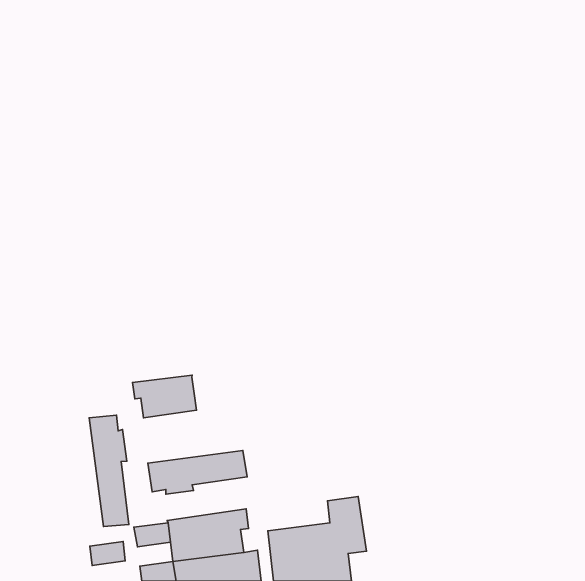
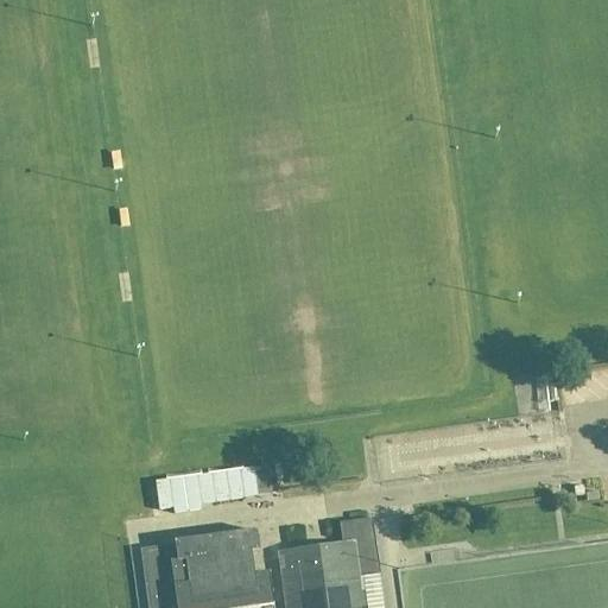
building: [132,375,197,418] -> none
building: [89,415,129,527] -> none
building: [90,541,125,565] -> [142,563,179,588]

